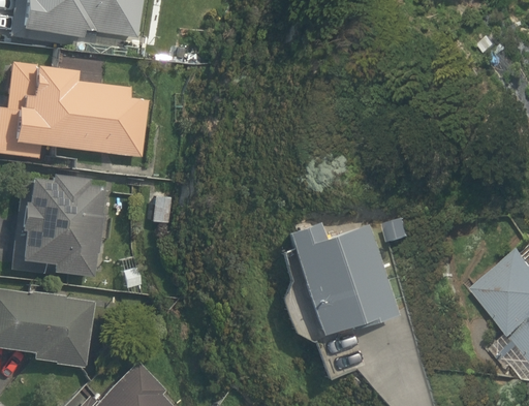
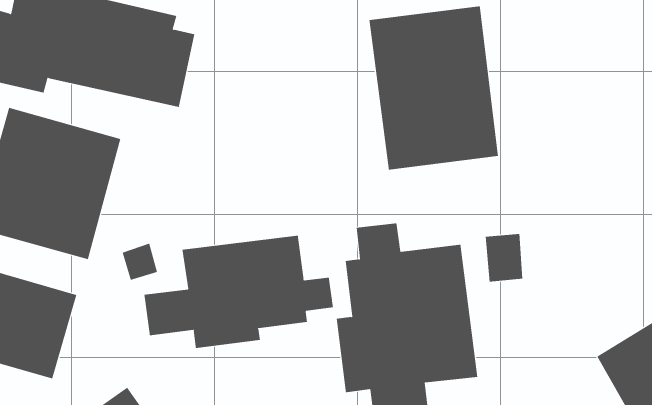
building: none -> [369,6,499,171]
building: none -> [144,235,334,349]

